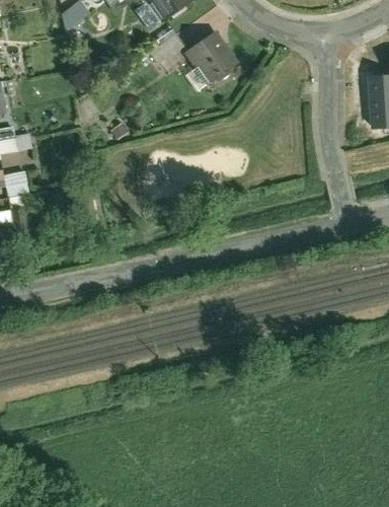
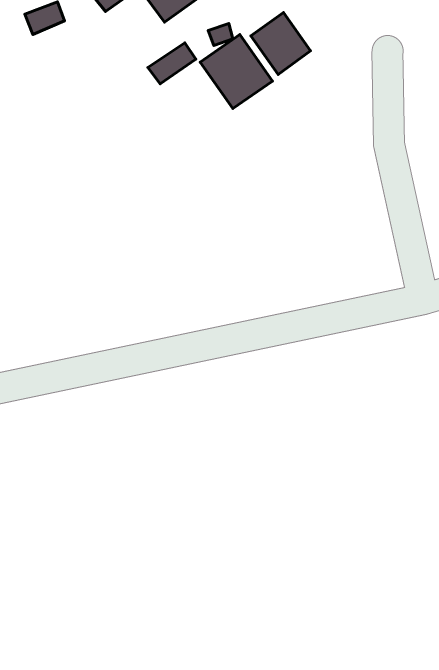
building: none -> [251,12,311,74]

